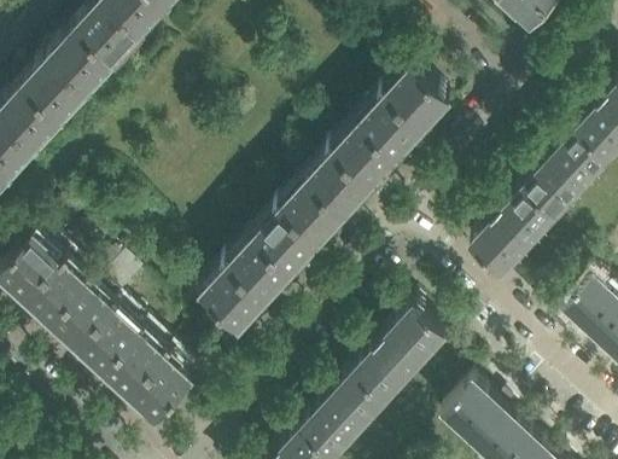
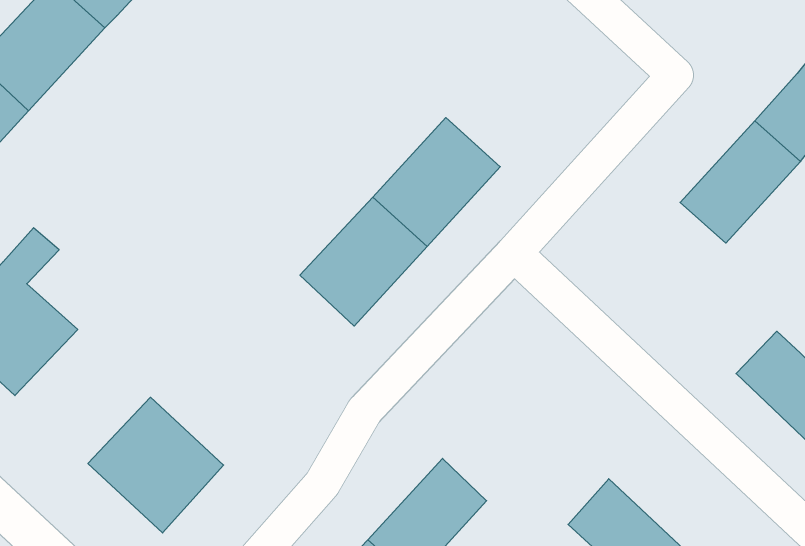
building: [357,68,450,162] -> none
building: [471,187,556,273] -> none
building: [203,239,292,331] -> none
building: [51,262,147,373] -> none
building: [355,306,445,400] -> none

